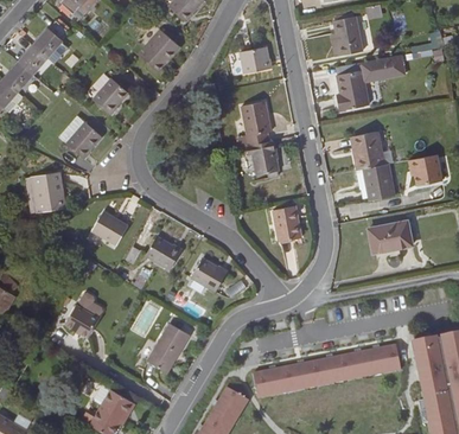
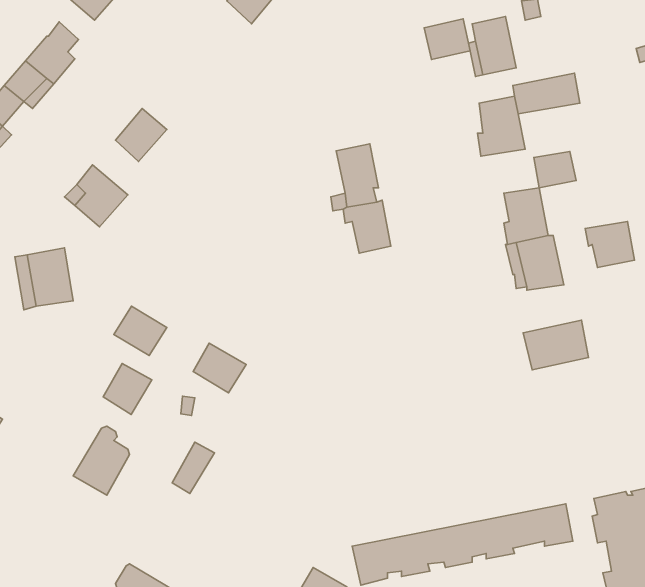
building: [139,28,180,71] -> none
building: [240,45,270,72] -> [424,19,470,60]
building: none -> [534,152,576,188]
building: [273,204,301,241] -> none
building: none -> [103,363,152,414]
building: [191,256,227,291] -> none
building: [149,323,189,370] -> none

